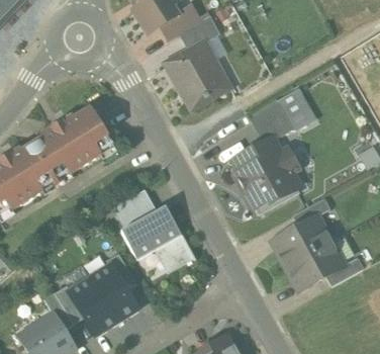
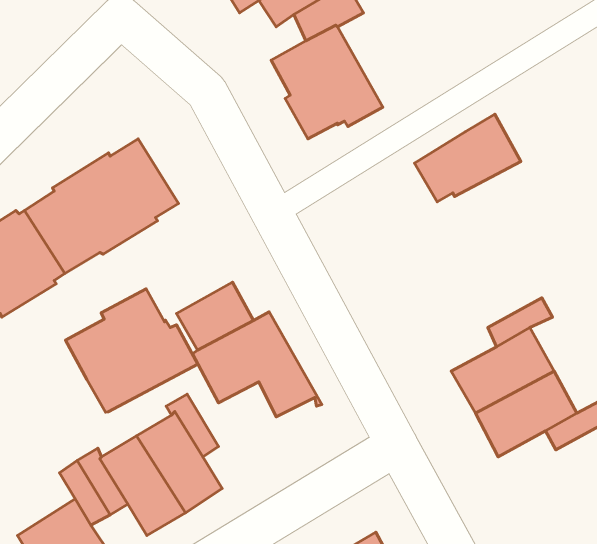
building: [232,138,297,204] -> none
building: none -> [66,289,198,412]

